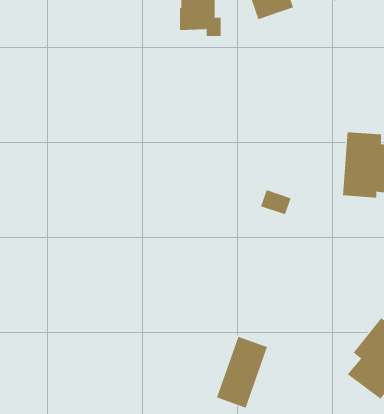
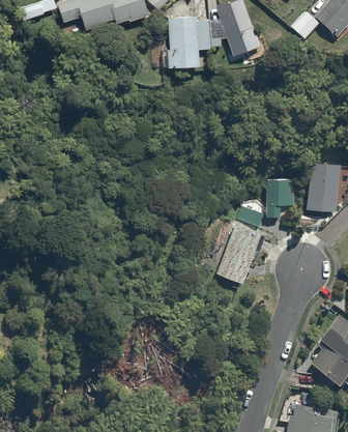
building: none -> [267,175,291,215]
building: [216,336,268,408] -> [216,223,261,285]

